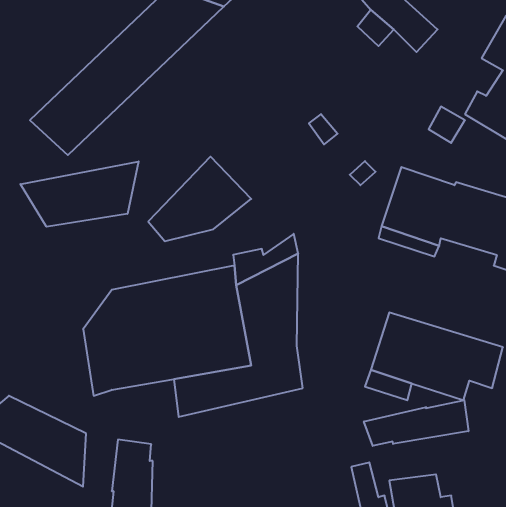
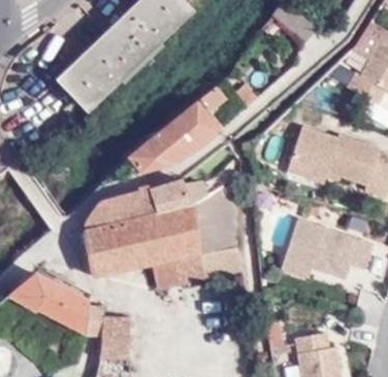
building: none -> [172,78,223,143]
building: [20,161,139,227] -> none
building: [364,400,468,446] -> none

